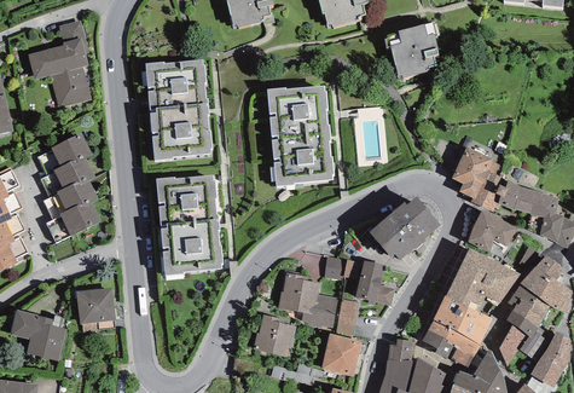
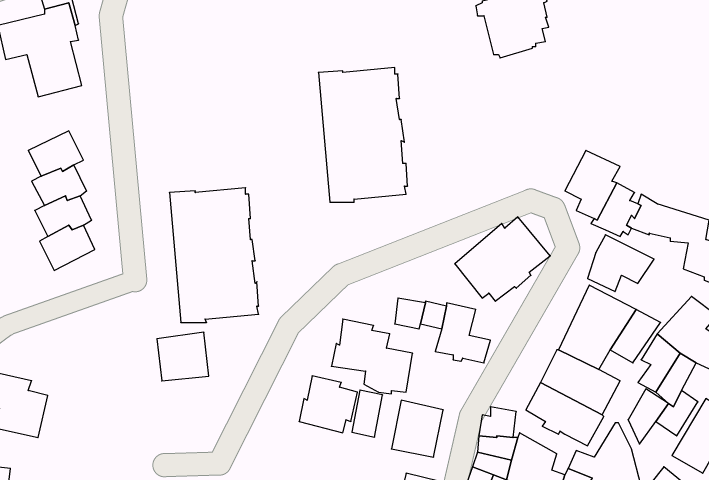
building: [145,58,211,158] -> none
building: [76,287,115,323] -> [157,332,209,381]
building: [335,299,358,334] -> [352,390,383,437]

